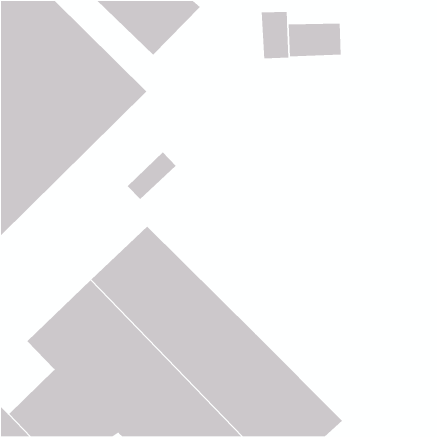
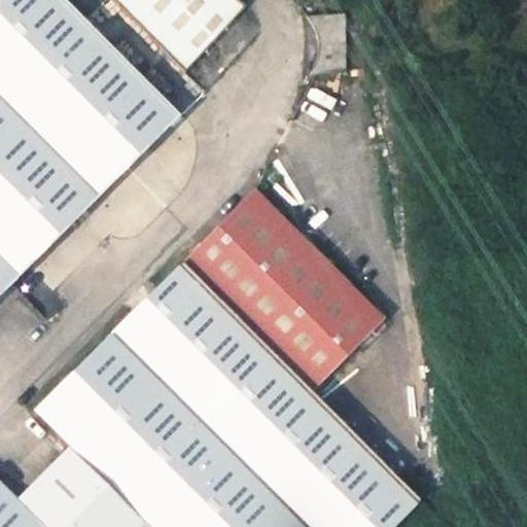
building: [288,23,342,57] -> none
building: [127,151,177,200] -> none
building: none -> [177,192,387,401]

